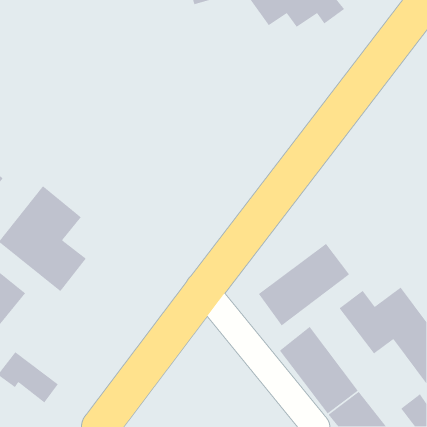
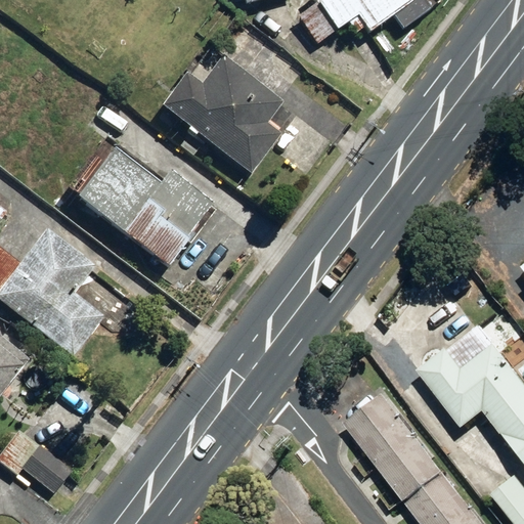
building: none -> [169,55,286,170]
building: none -> [87,146,221,265]
building: [258,243,350,327] -> none

